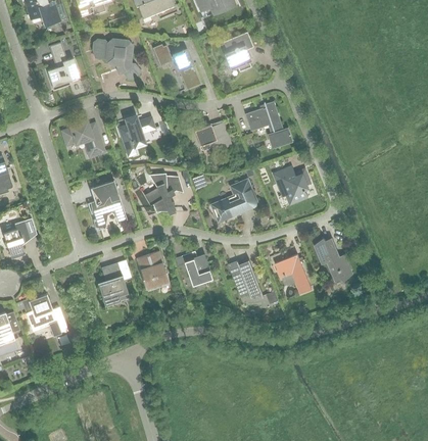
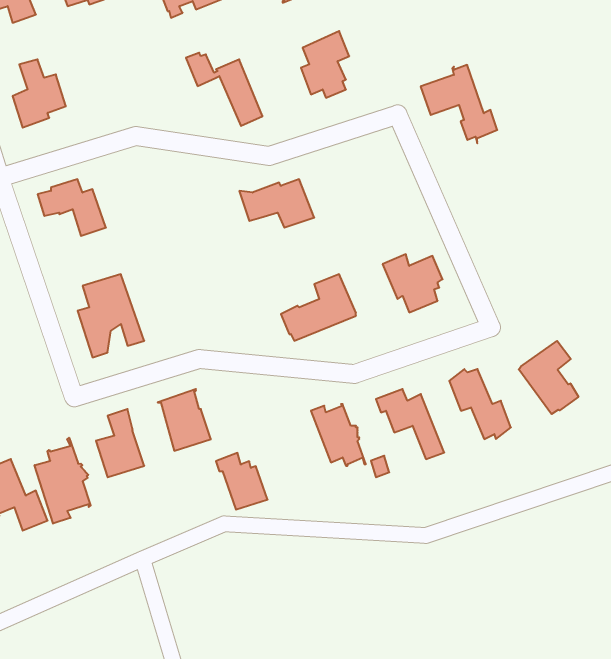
building: [93,38,141,79] -> none
building: [245,100,292,148] -> [421,65,497,143]
building: [118,114,155,157] -> none
building: [144,173,183,210] -> none
building: none -> [519,341,578,414]
building: [182,250,213,285] -> [216,453,268,510]
building: none -> [35,438,91,524]

